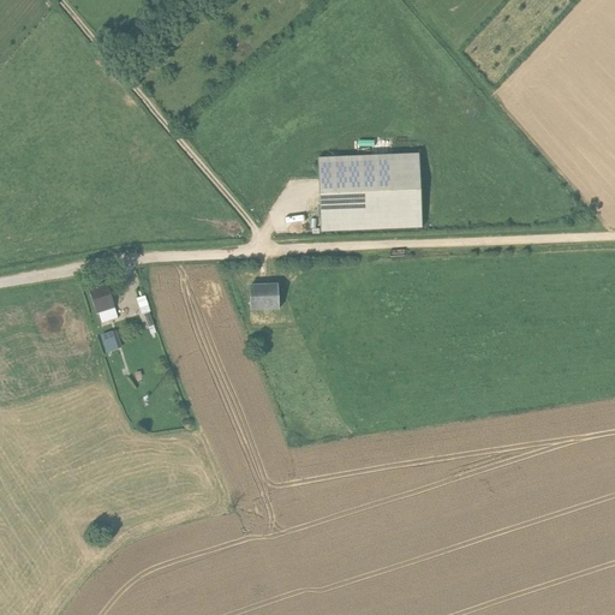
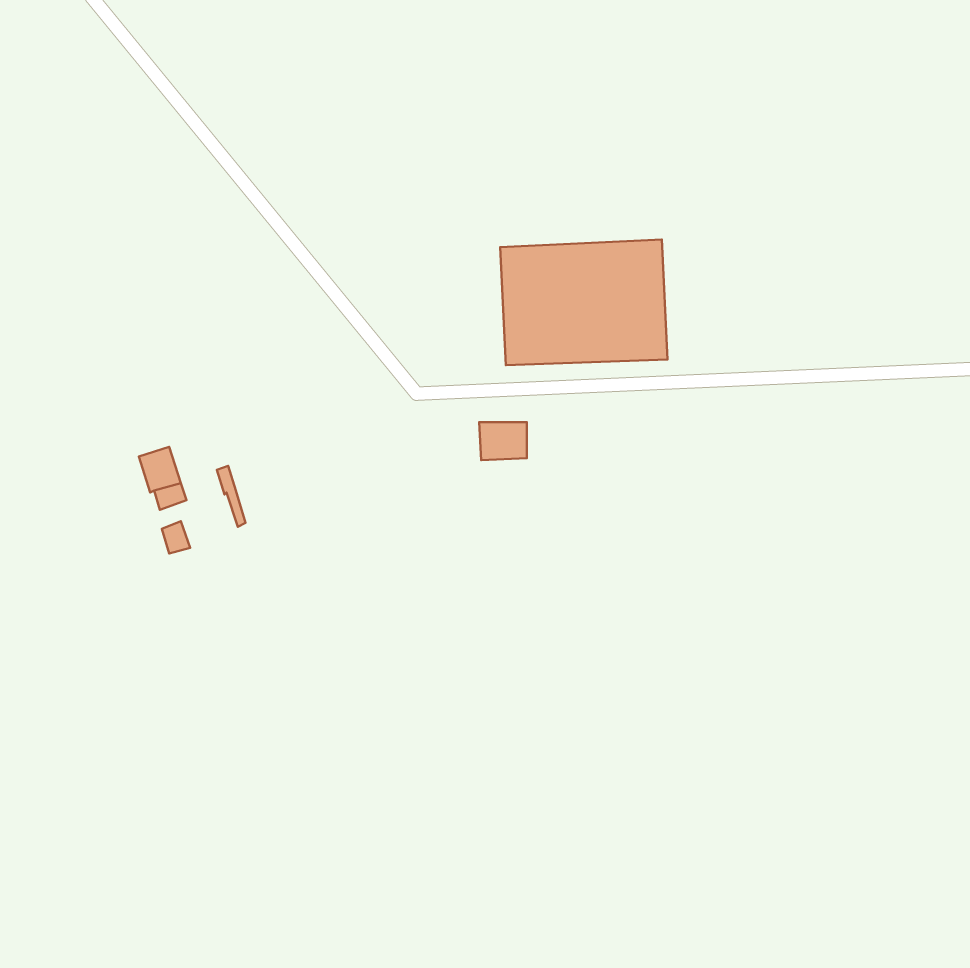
building: [249,285,279,309] -> [479,422,527,460]

